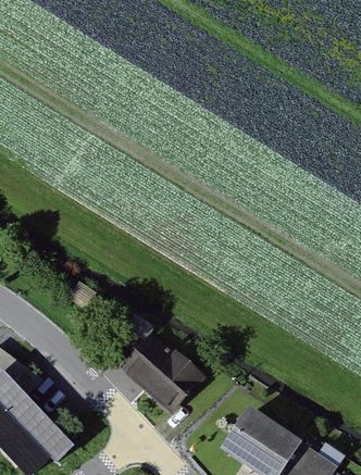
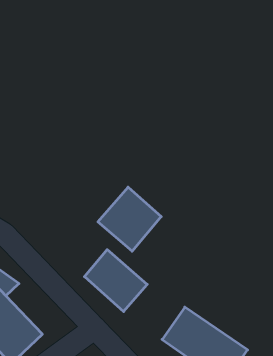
building: none -> [98,187,161,251]

